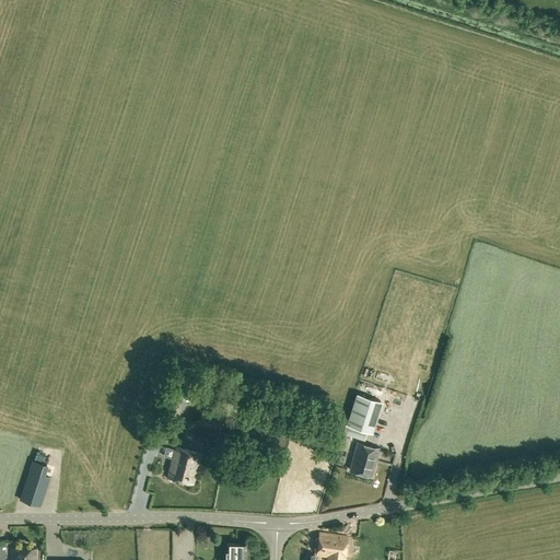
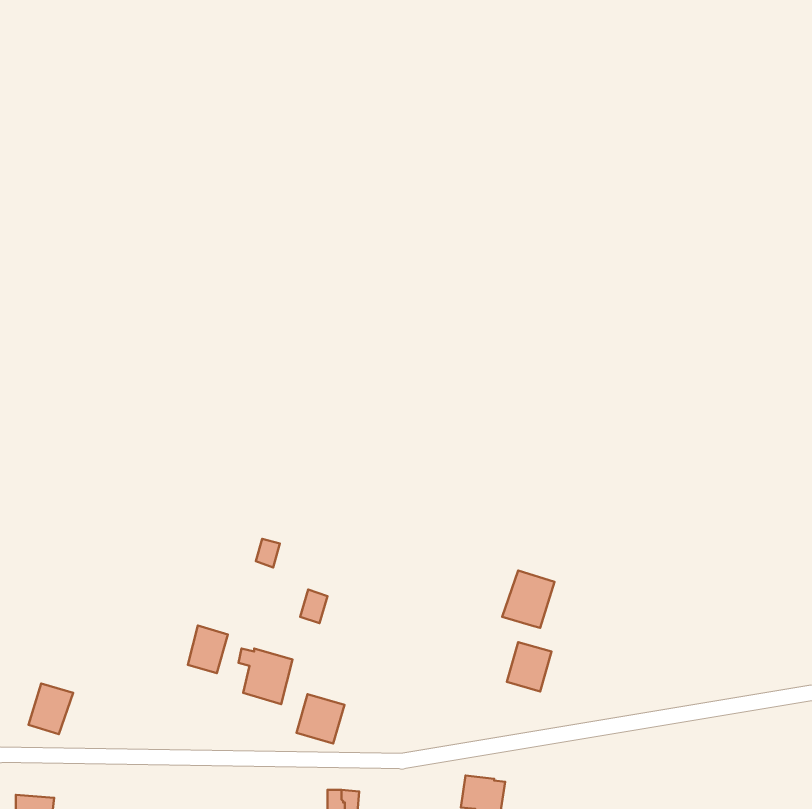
building: none -> [188,626,228,673]
building: none -> [297,694,344,744]

